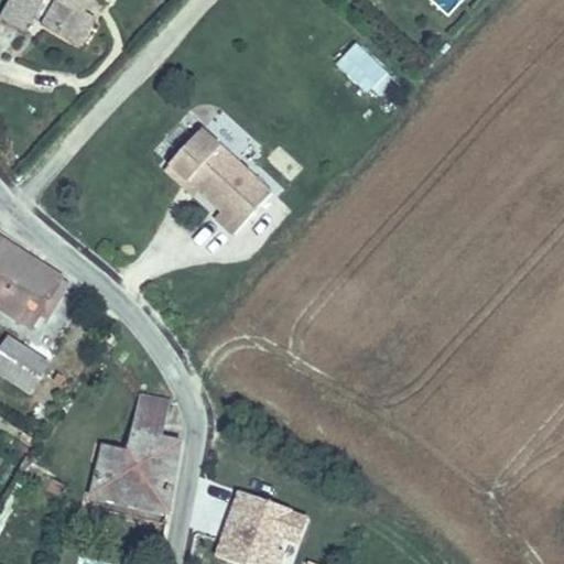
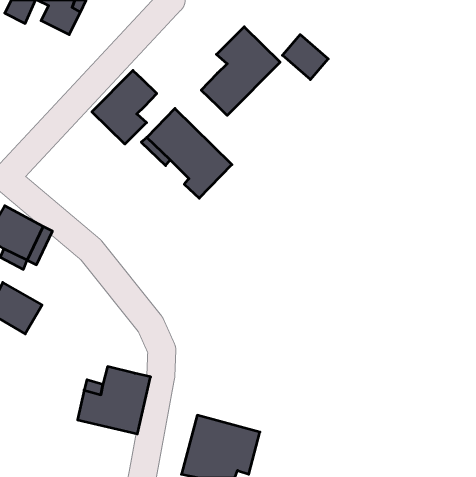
building: none -> [201,27,280,115]
building: none -> [92,70,157,144]
building: [127,395,167,441] -> none

